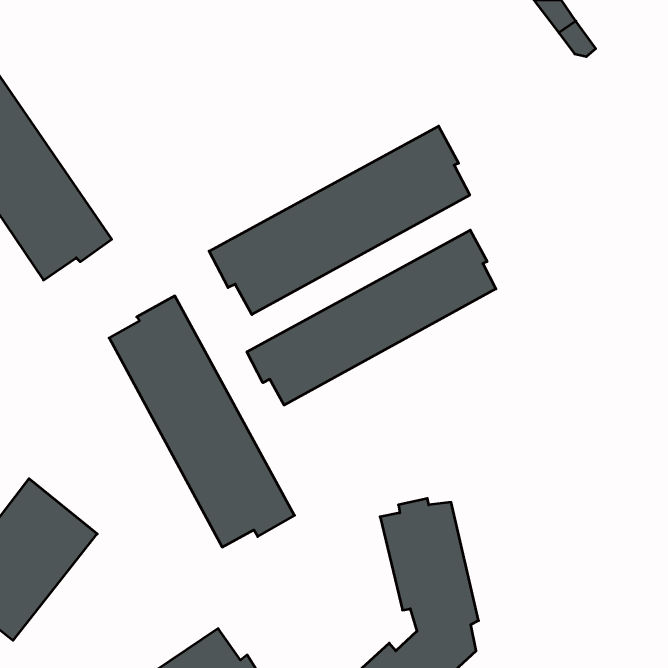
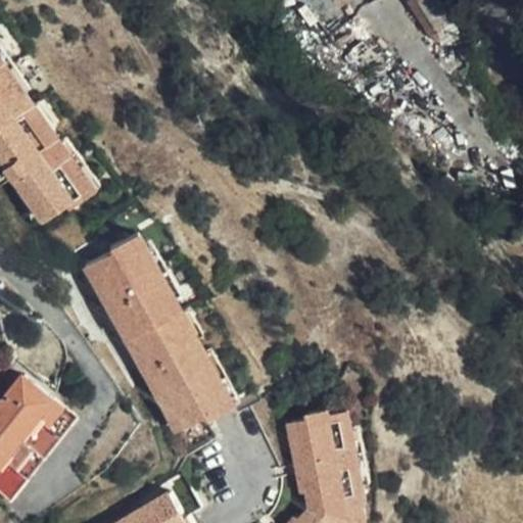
building: [209,126,470,315] -> none
building: [247,230,496,405] -> none

